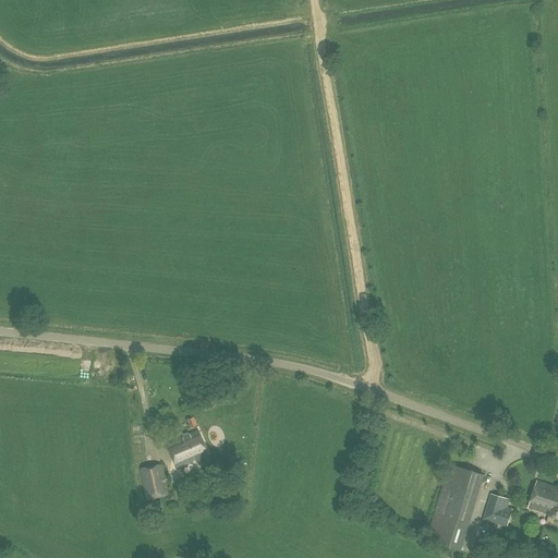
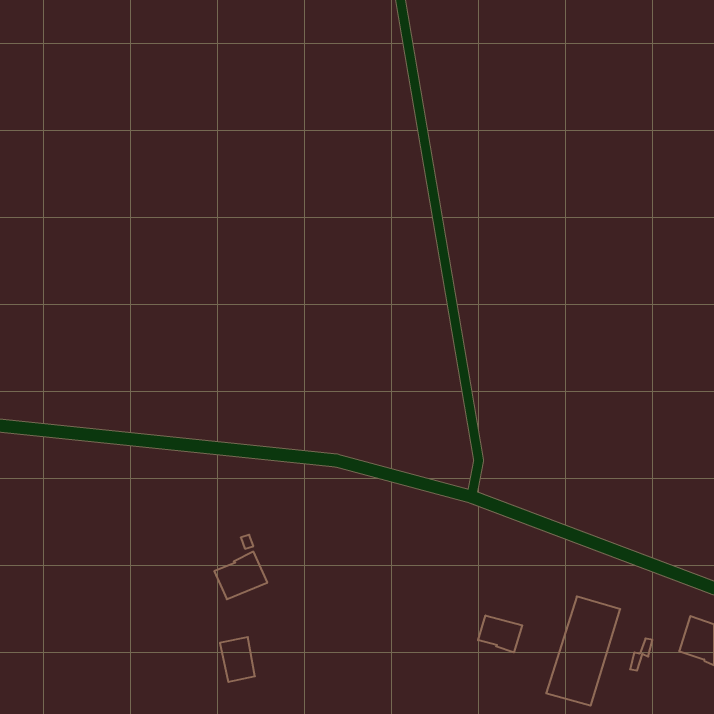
building: [140,464,167,499] -> [220,637,255,682]
building: none -> [478,615,522,652]

